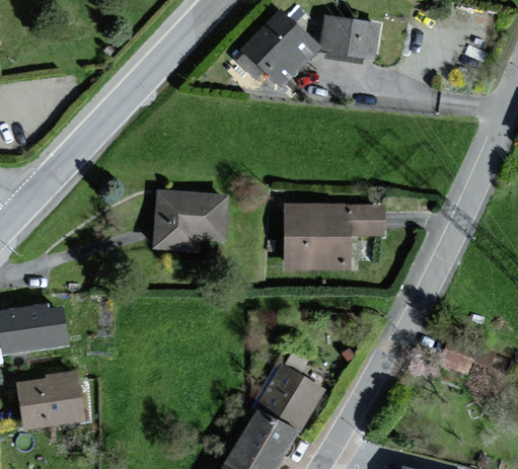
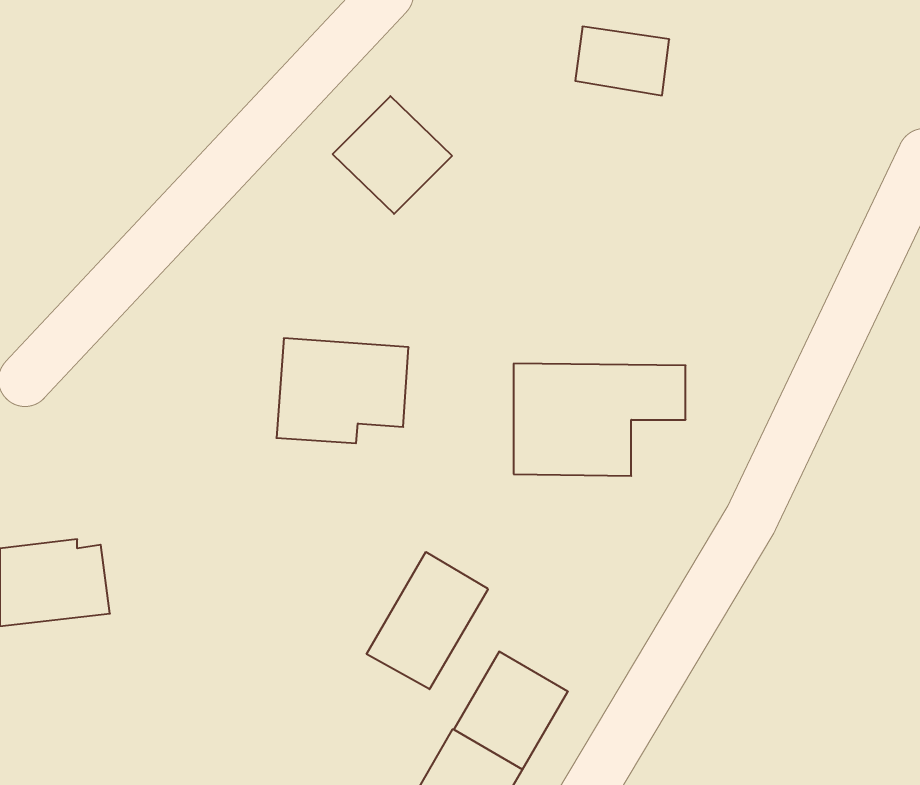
building: [245,17,312,83] -> [333,96,452,214]
building: none -> [367,552,488,689]
building: [17,374,81,429] -> none

